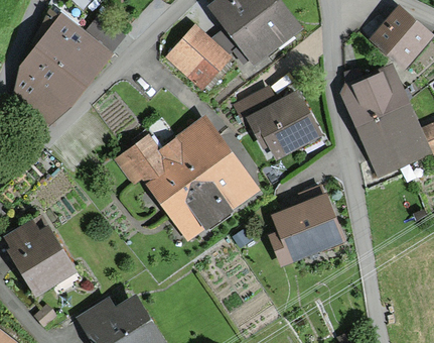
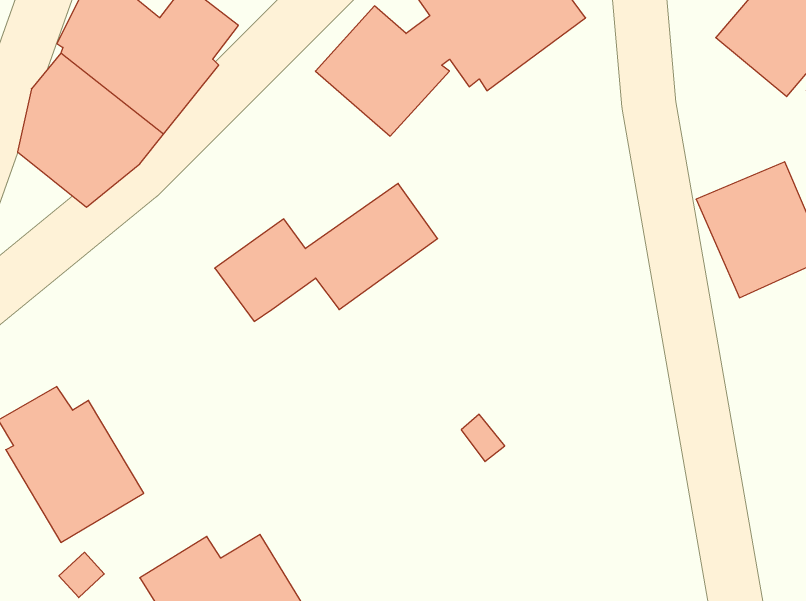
building: [344,71,404,122] -> none
building: [232,84,323,160] -> none
building: [142,142,261,242] -> none
building: [267,184,345,267] -> none

